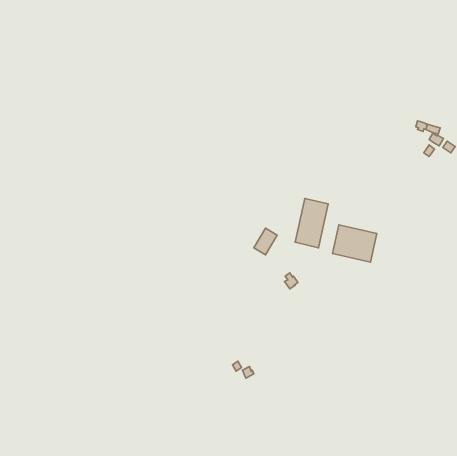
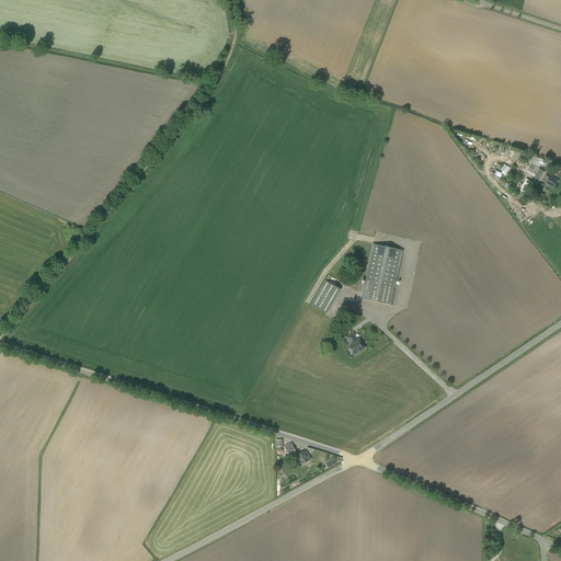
building: [333,225,377,262] -> none

